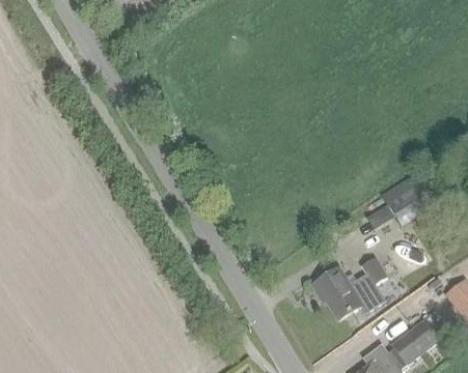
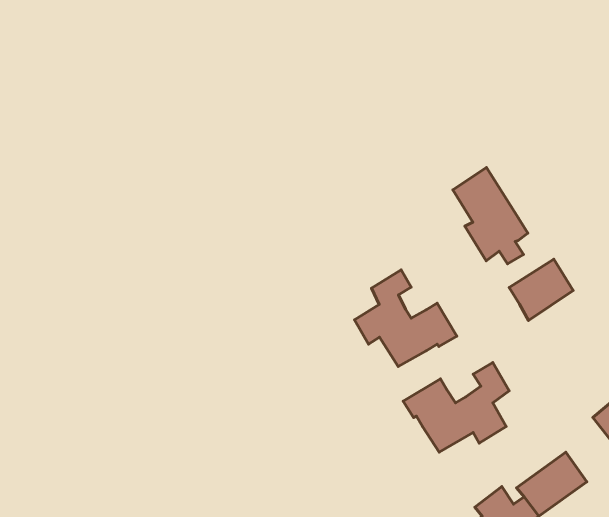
building: none -> [453,168,528,264]
building: none -> [354,270,457,367]

